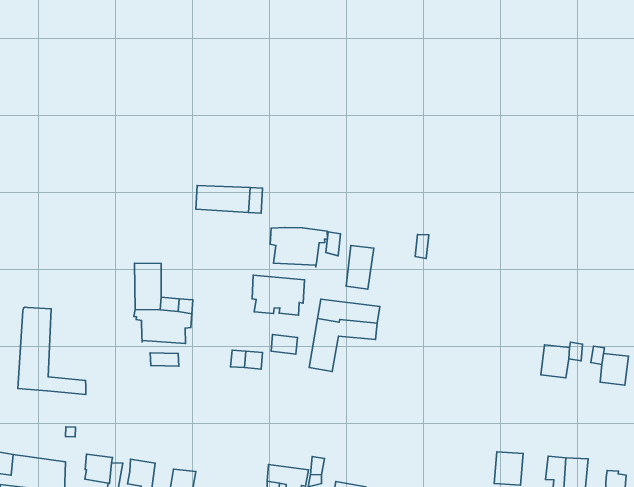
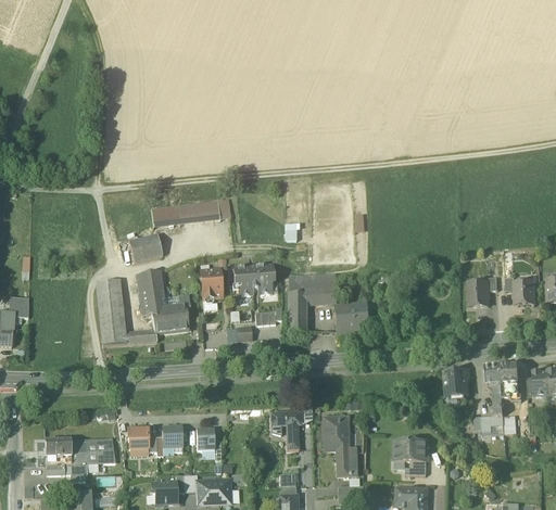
building: none -> [151,206,179,228]
building: none -> [129,233,163,263]
building: [270,227,327,267] -> none
building: [346,245,374,289] -> none
building: none -> [200,269,222,304]
building: [18,307,86,395] -> [97,279,156,345]
building: none -> [334,304,368,332]

